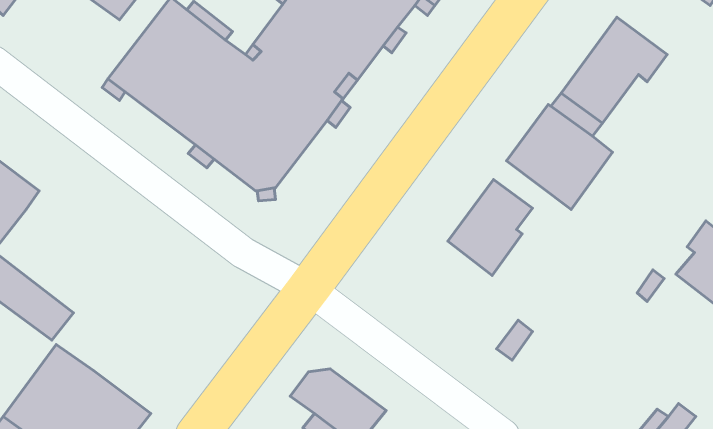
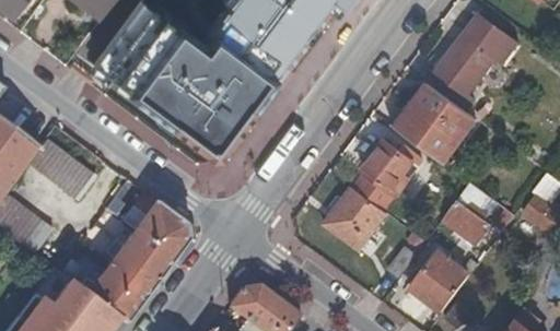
building: none -> [28,139,95,199]
building: none -> [443,182,491,244]
building: none -> [323,187,387,251]
building: none -> [80,191,189,321]
building: none -> [412,253,470,312]

